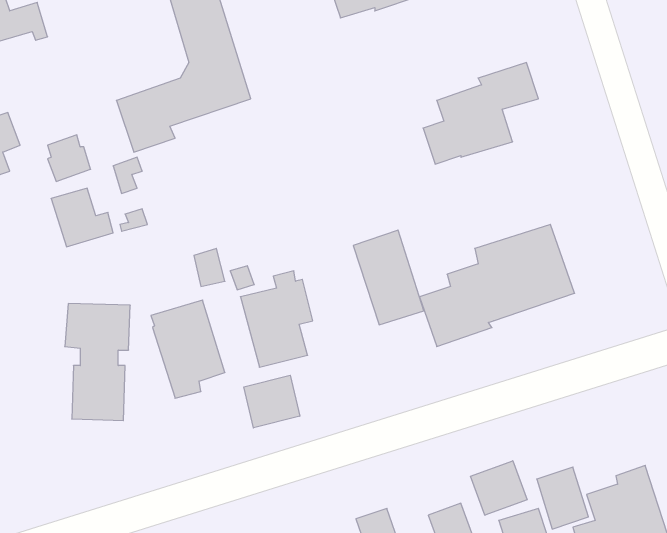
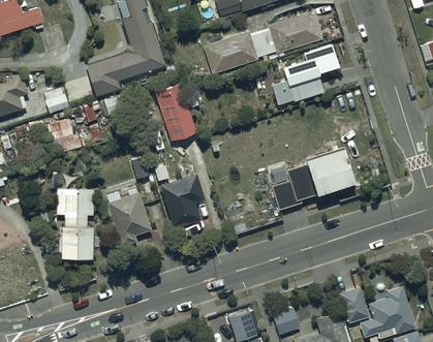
building: none -> [204,11,322,74]
building: [353,230,424,325] -> [155,83,197,139]
building: [244,375,300,428] -> none
building: [471,461,527,515] -> none

